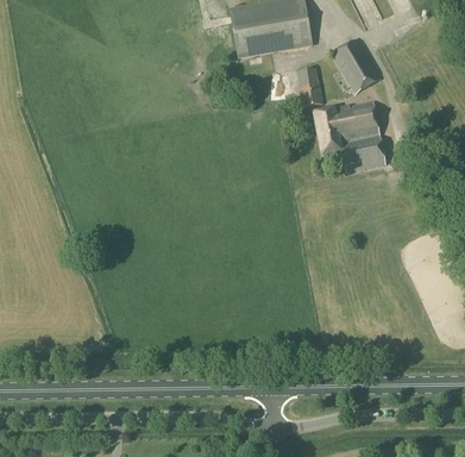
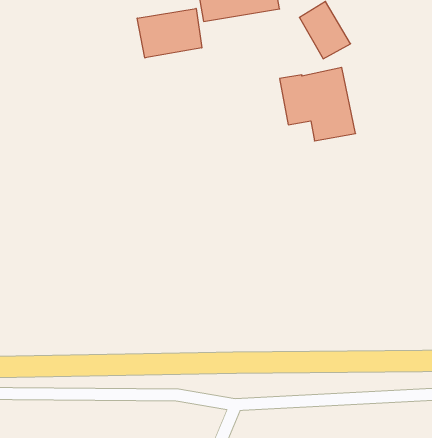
building: none -> [137,8,202,58]
building: [295,68,322,107] -> none

